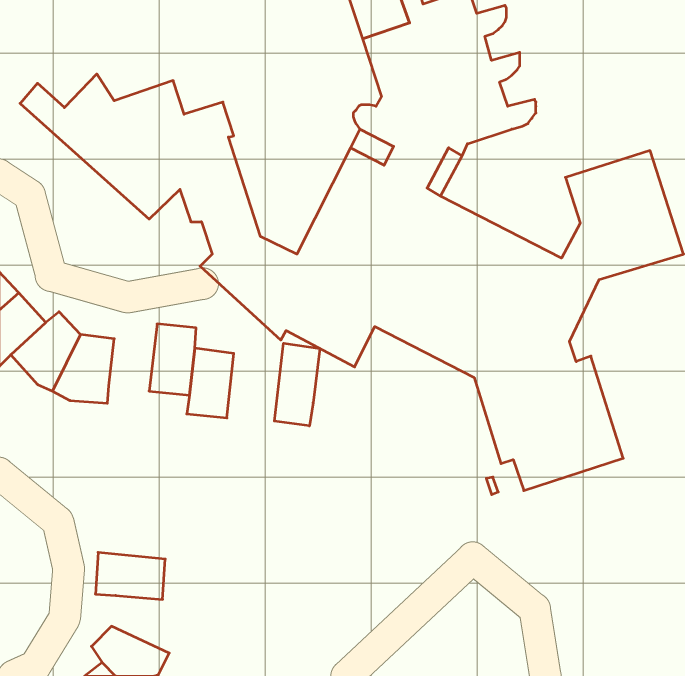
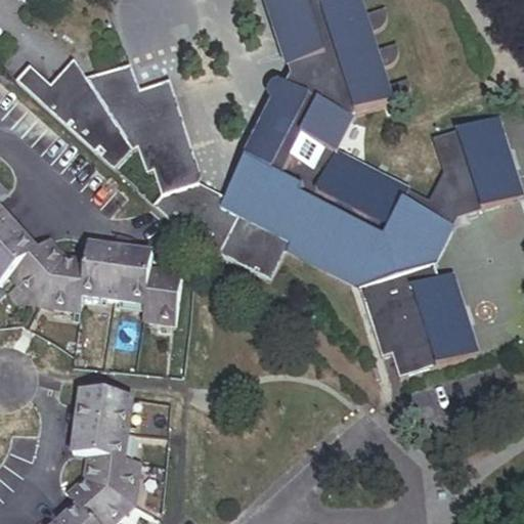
building: none -> [83,243,120,298]
building: [274,343,320,426] -> none
building: none -> [75,392,129,426]
building: none -> [85,453,139,497]

